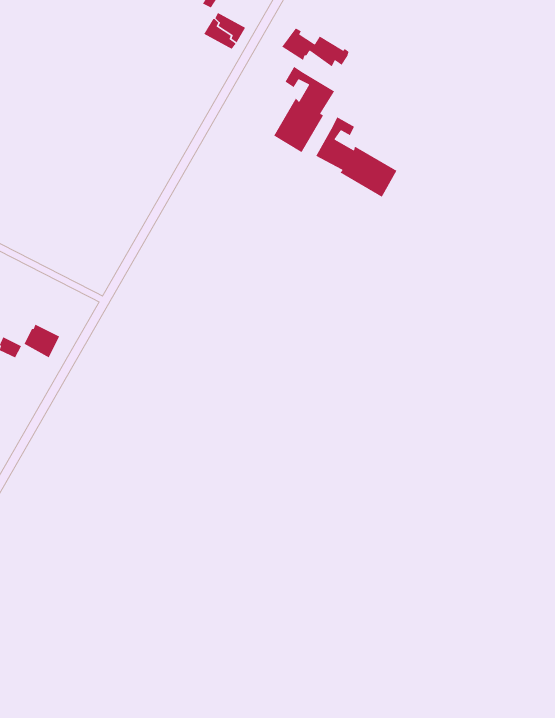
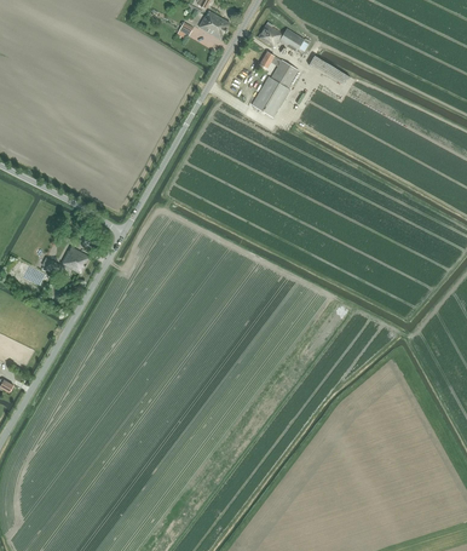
building: [315,116,397,198] -> none

